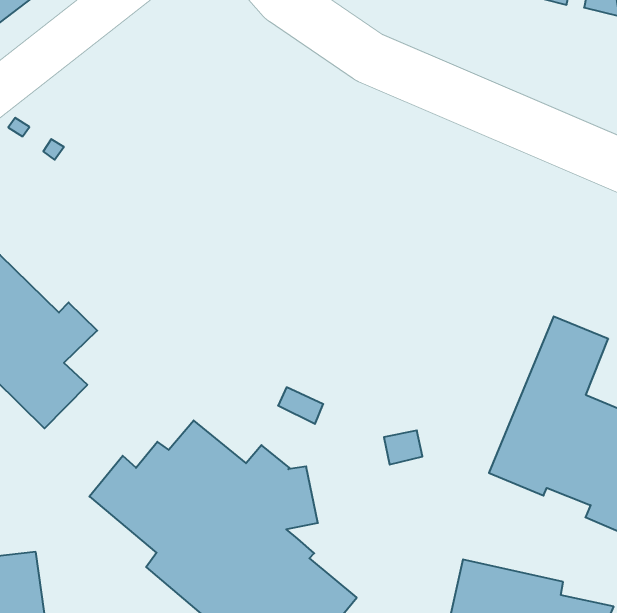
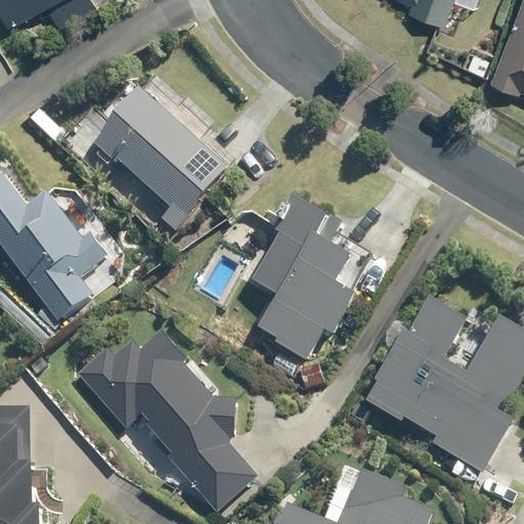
building: none -> [92,86,227,228]
building: none -> [234,191,363,360]

